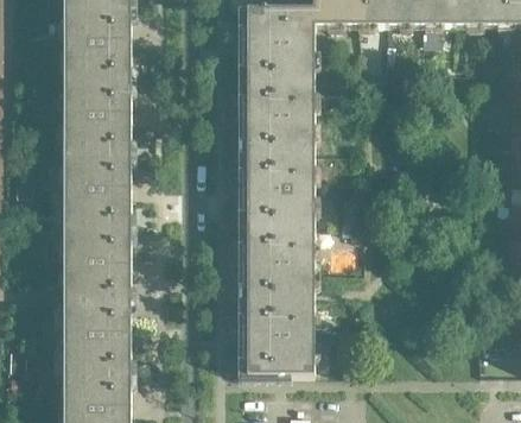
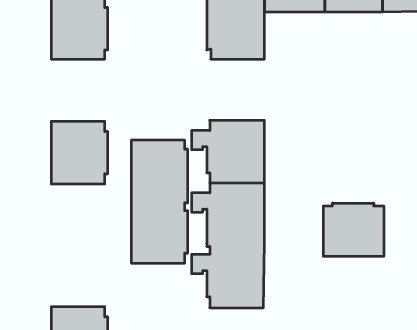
building: [64,80,131,153] -> none
building: [229,80,314,152] -> none
building: [64,227,131,372] -> [131,140,188,263]
building: none -> [323,203,384,256]

